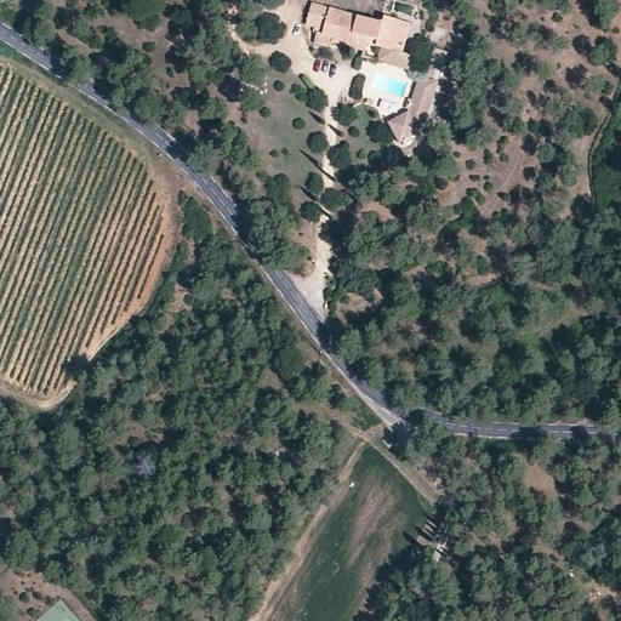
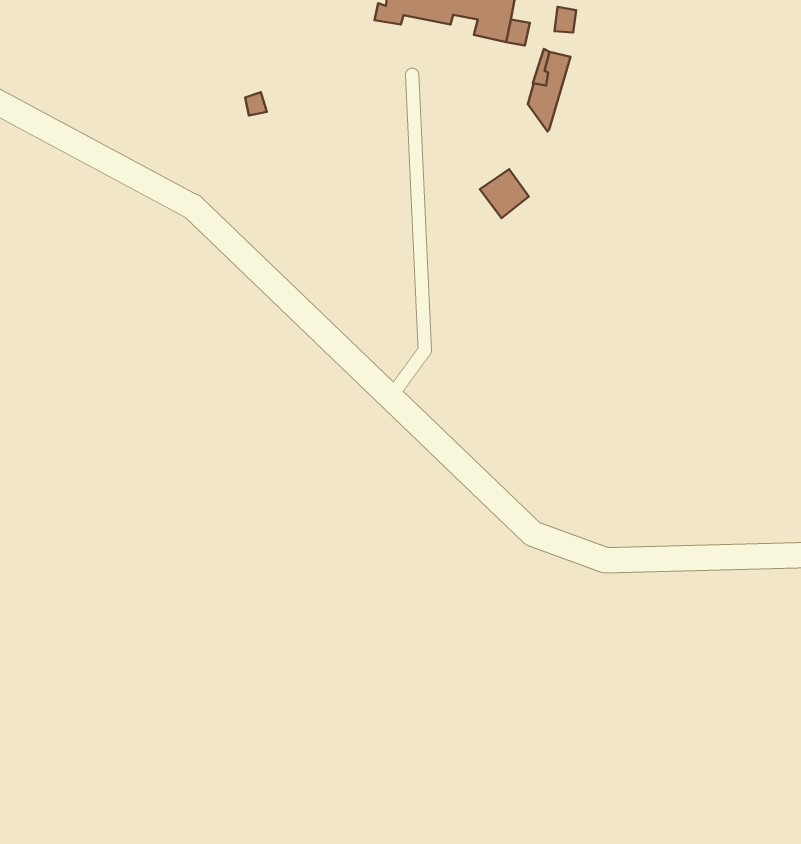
building: [386,108,417,139] -> [480,169,529,218]

